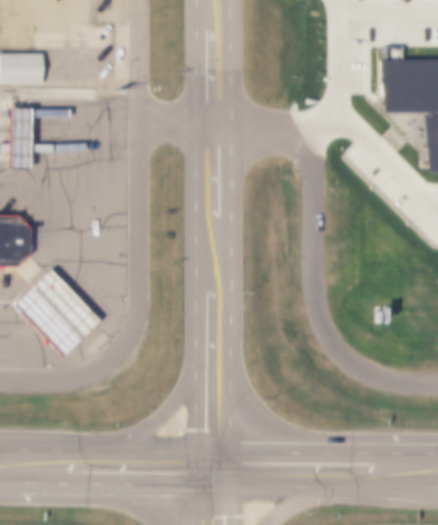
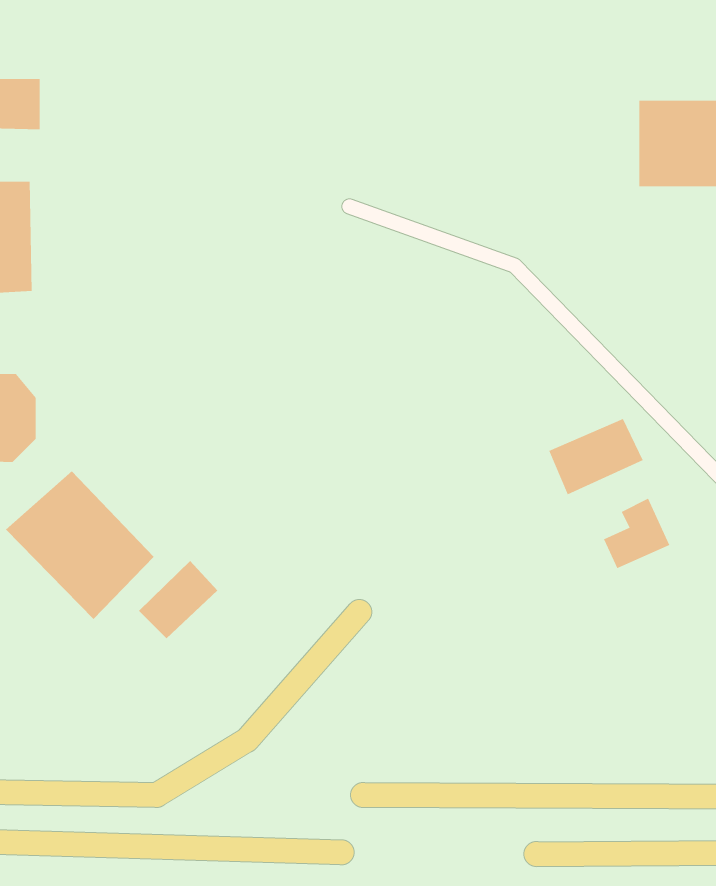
building: none -> [549,418,643,495]
building: none -> [138,560,218,639]

